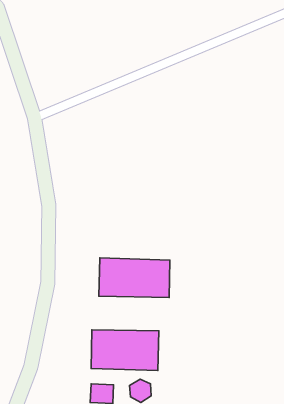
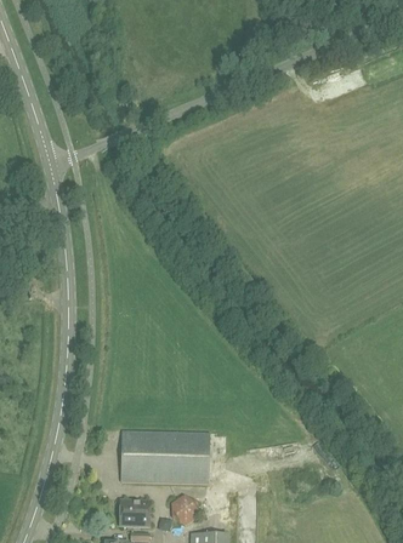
building: [99,258,170,297] -> none

